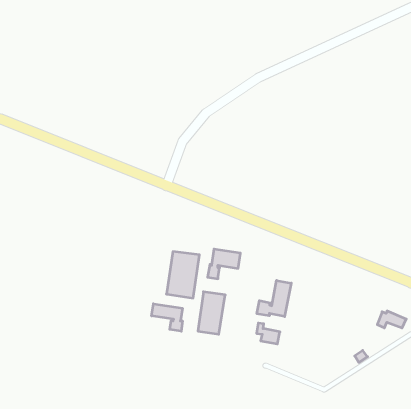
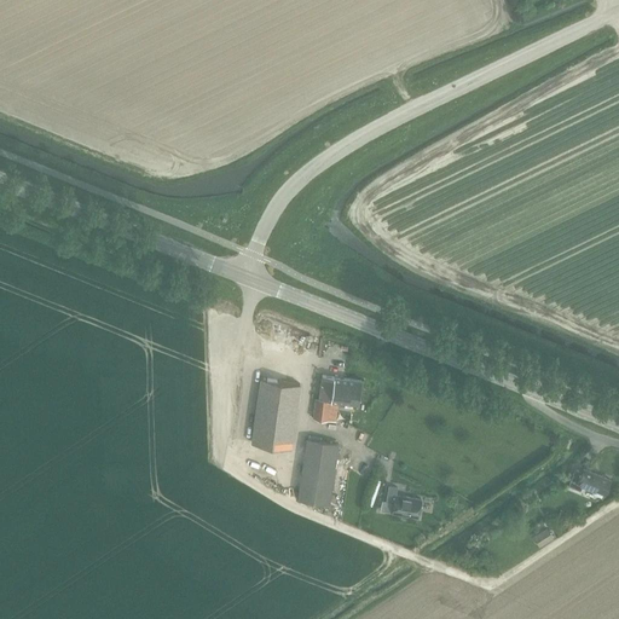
building: [257,280,291,317] -> none
building: [152,304,182,331] -> none

